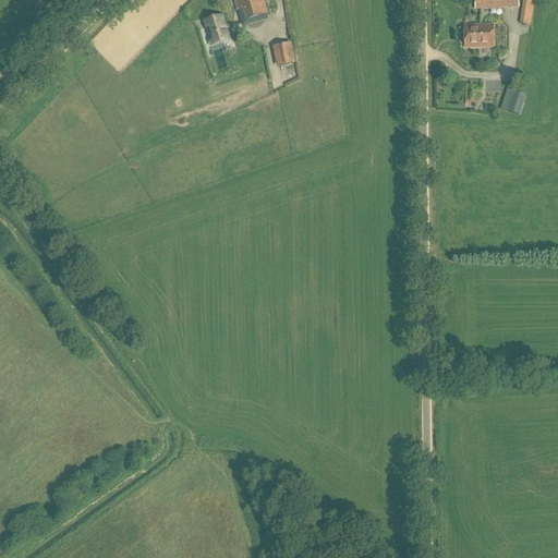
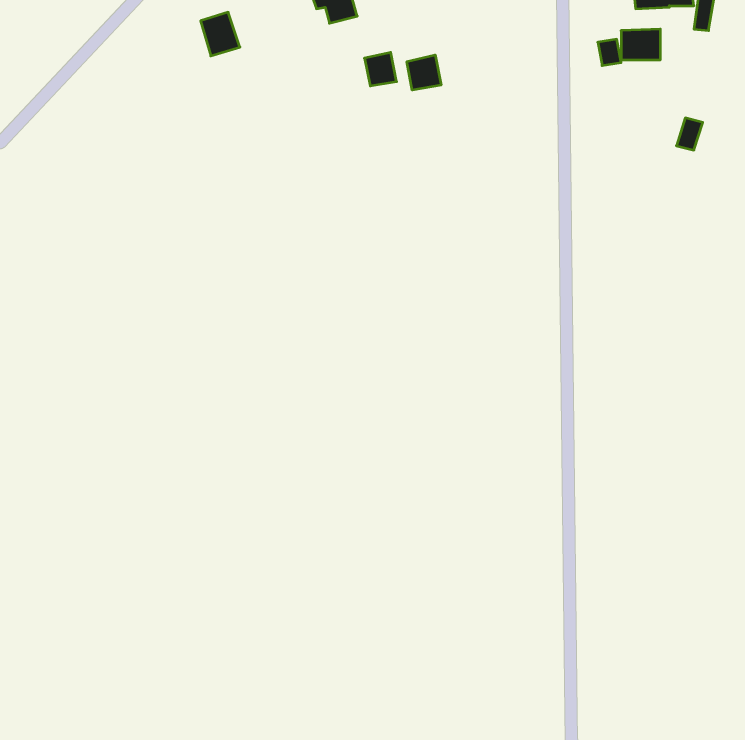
building: [202,12,231,45] -> [201,12,240,56]
building: none -> [407,55,441,90]

